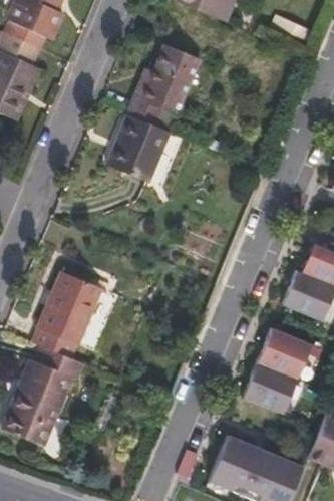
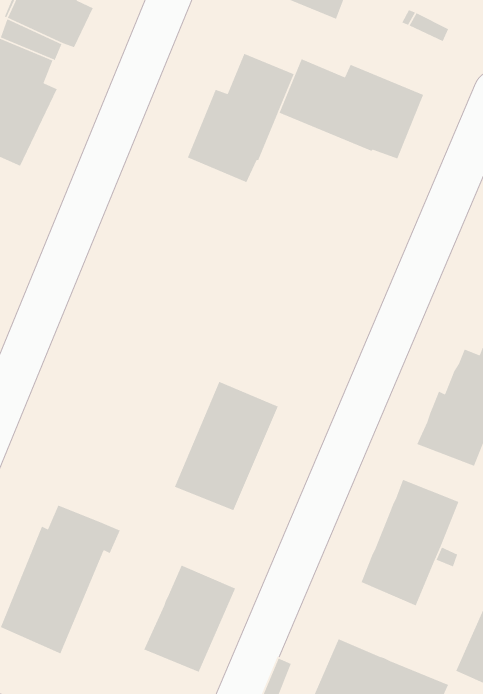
building: none -> [278,58,424,160]
building: [106,113,170,182] -> none
building: [31,270,101,357] -> [174,381,279,511]
building: none -> [143,564,236,673]

